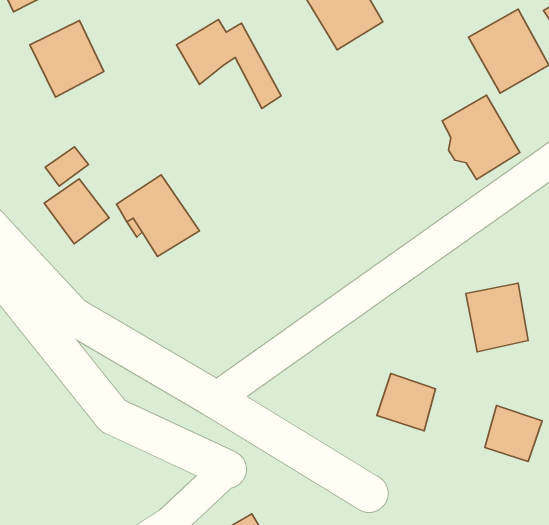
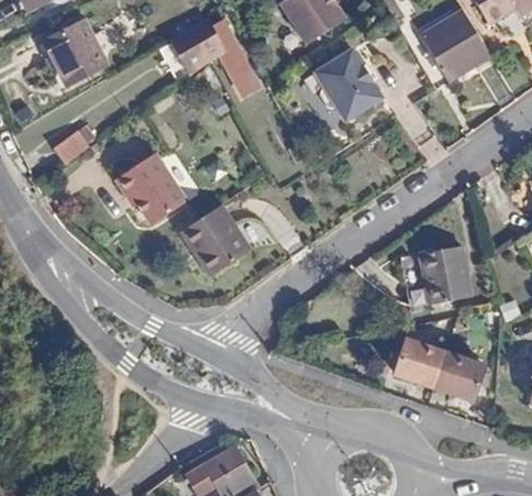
building: [442,95,520,179] -> [312,51,379,123]
building: [44,179,109,244] -> none
building: none -> [180,205,250,278]
building: [377,373,436,431] -> [394,338,444,387]

